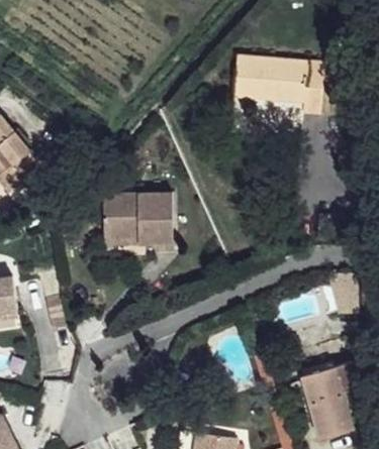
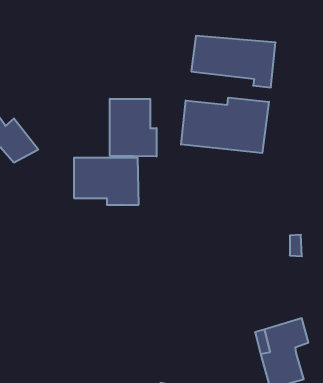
building: none -> [181,98,269,153]
building: none -> [110,99,157,157]

